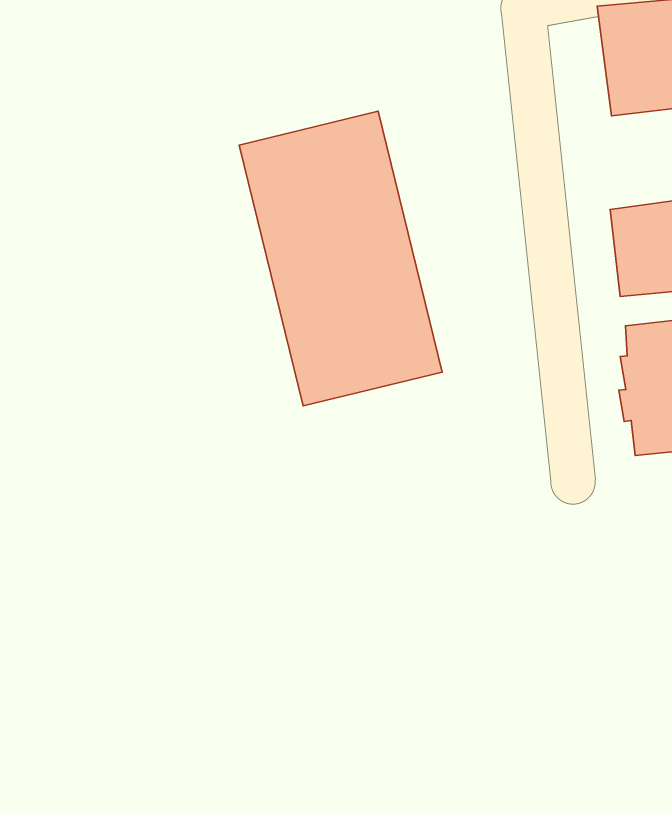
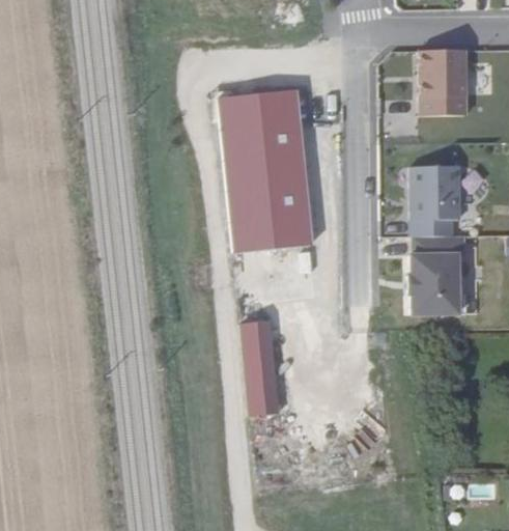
building: none -> [234,326,267,414]

